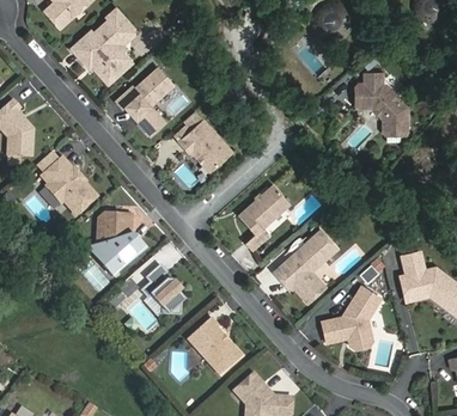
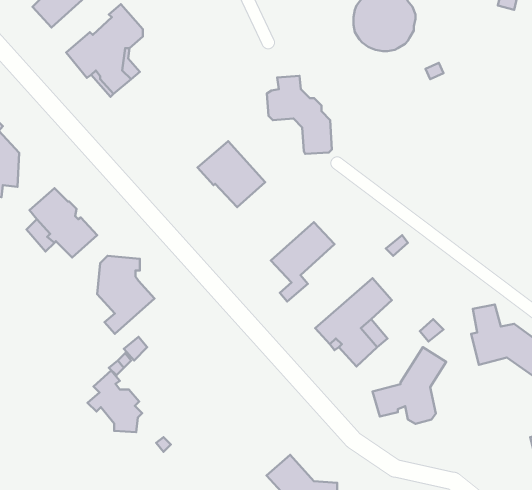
building: [115,68,177,136] -> none
building: [354,72,407,135] -> [267,76,332,154]
building: [140,264,184,314] -> [88,370,142,432]
building: [188,317,242,375] -> none

